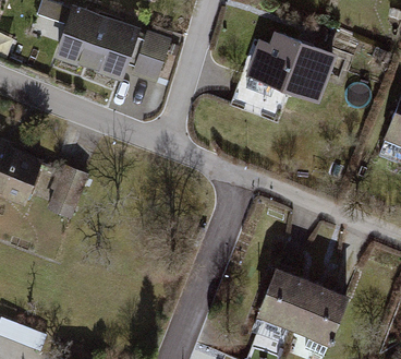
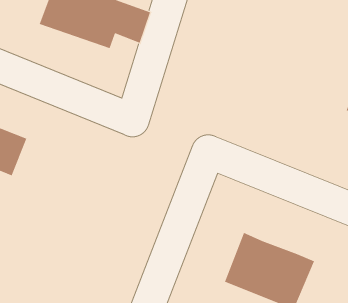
building: [244,29,341,107] -> none
building: [42,167,85,223] -> none

